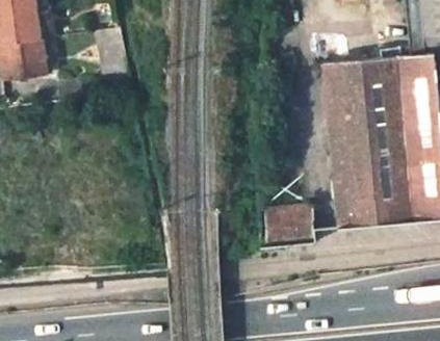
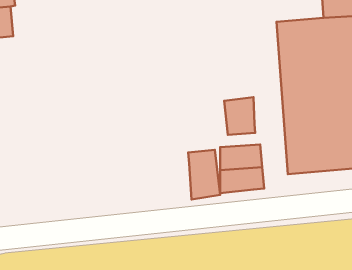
building: none -> [224,97,255,135]
building: none -> [188,150,220,200]

